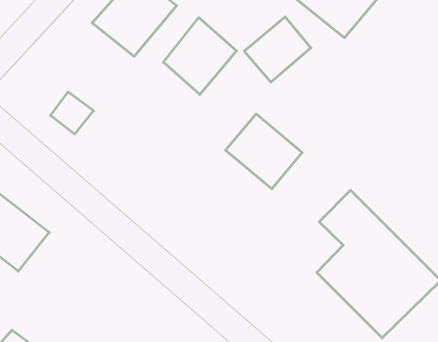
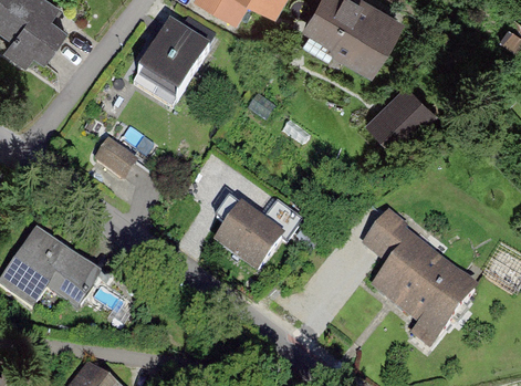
building: [244,17,311,82] -> [371,90,433,152]
building: [163,18,237,95] -> none
building: [225,114,302,189] -> [210,207,282,275]

